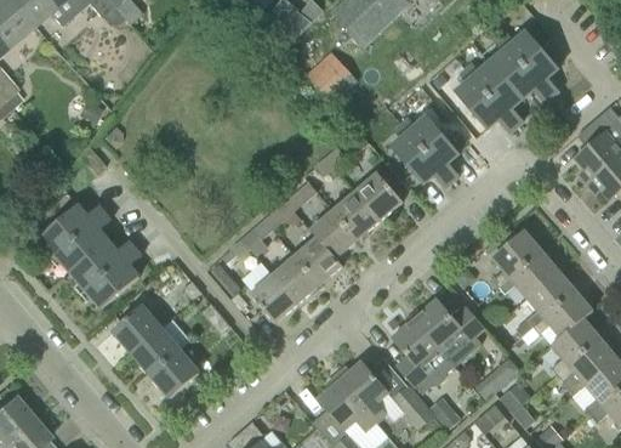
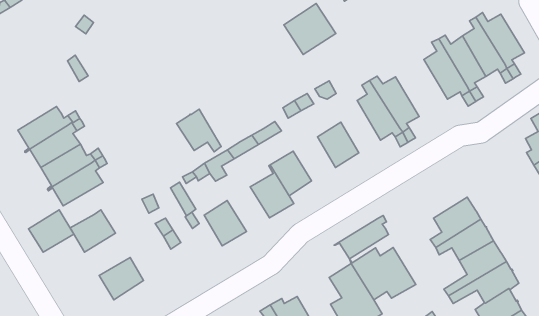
building: none -> [176,109,221,152]
building: [334,191,381,238] -> none
building: [273,255,320,302] -> none
building: none -> [334,215,389,259]
building: [132,327,181,374] -> [28,210,74,252]

